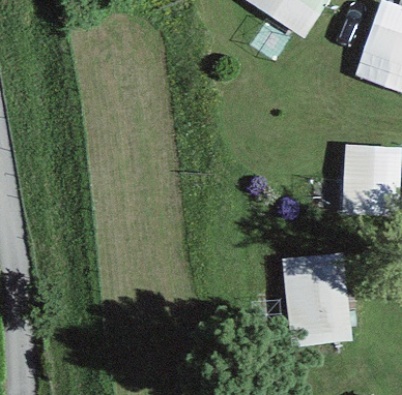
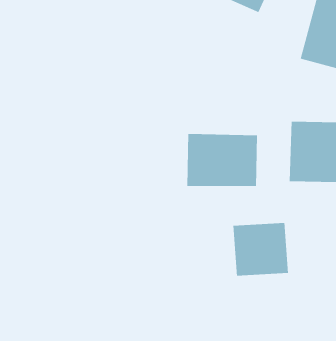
building: none -> [187,133,258,187]

